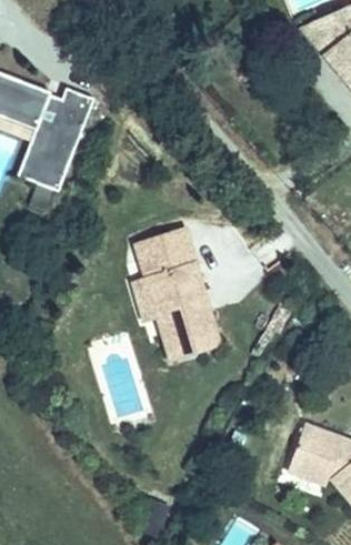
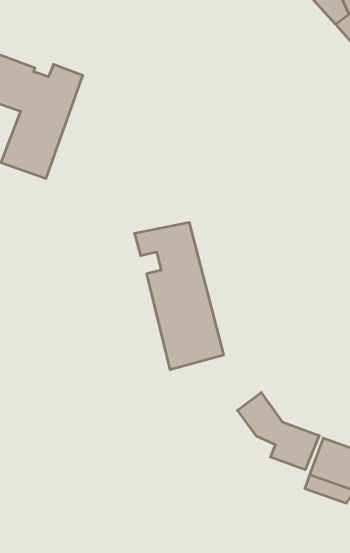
building: none -> [237,392,319,470]

